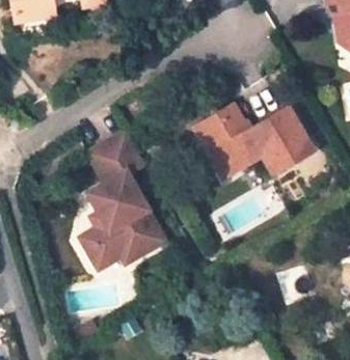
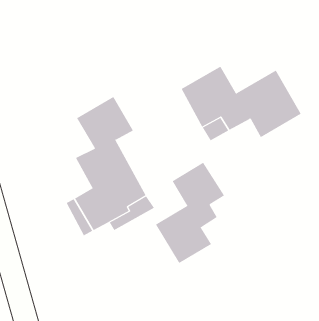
building: none -> [155,162,225,264]

